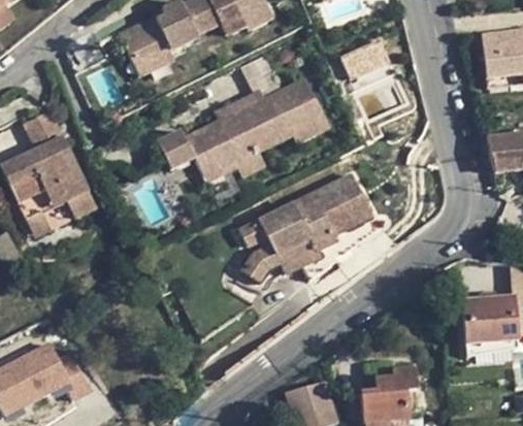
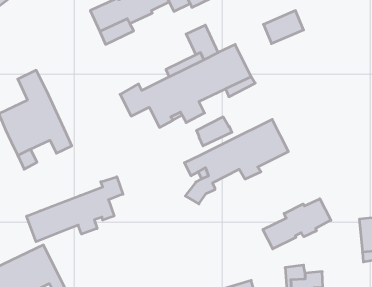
building: [275,237,321,274] -> [196,117,232,146]
building: none -> [27,177,123,242]
building: none -> [263,199,331,249]

